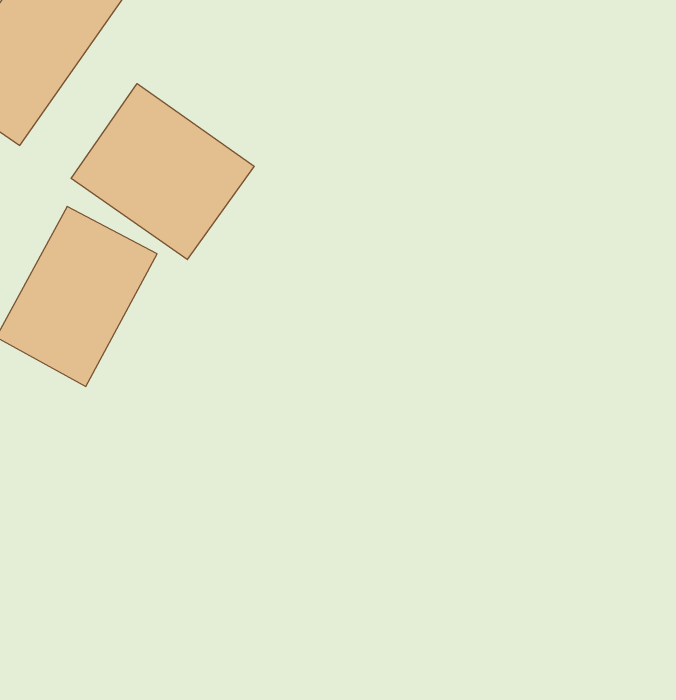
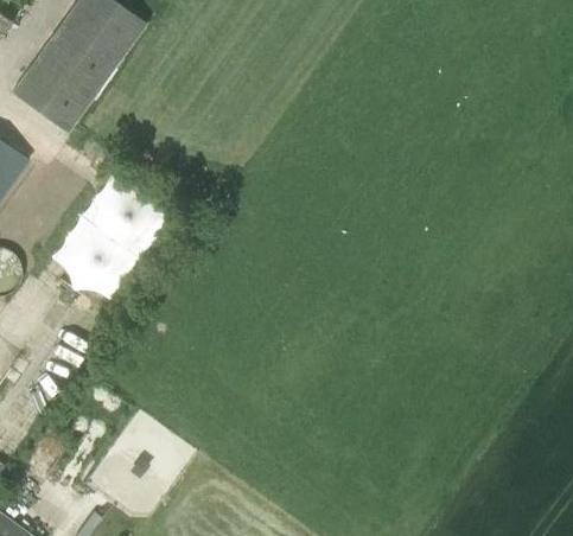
building: [71,84,254,260] -> none

